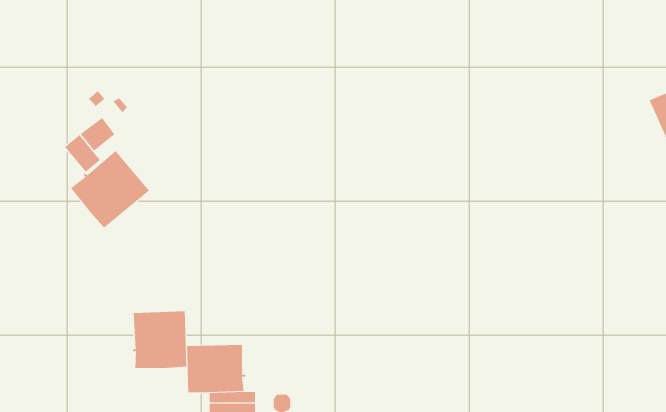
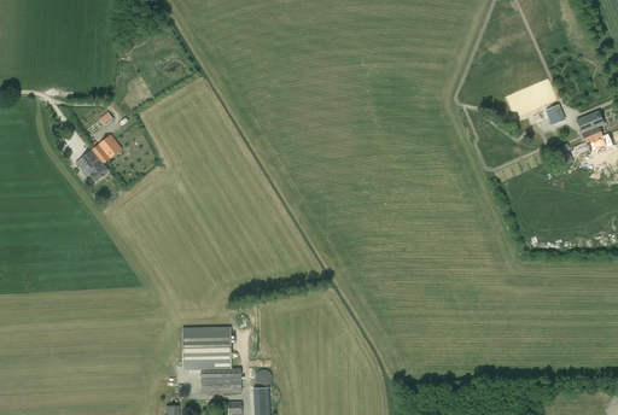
building: [70,150,150,228] -> none
building: [133,311,187,369] -> none

